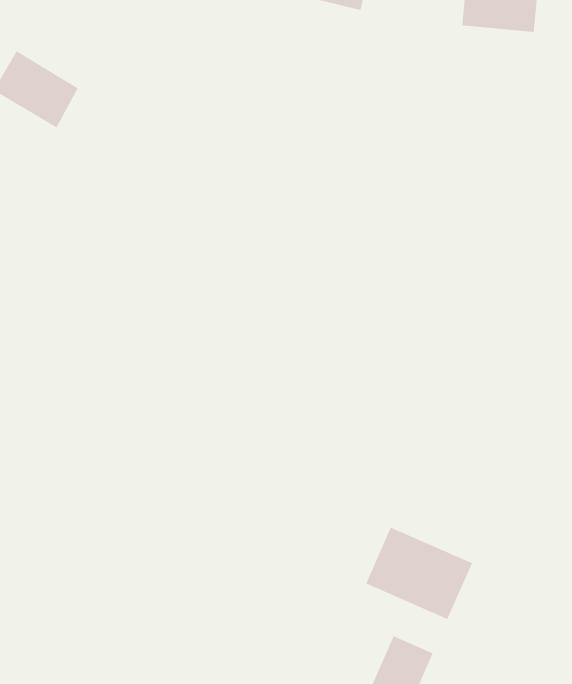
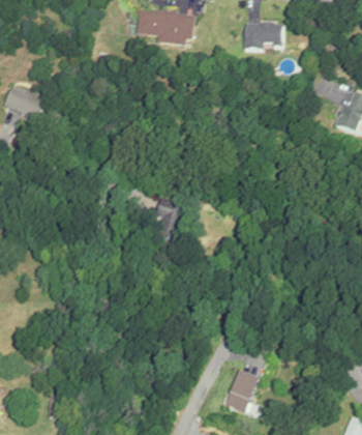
building: none -> [152,201,187,240]
building: [366,527,473,620] -> none

